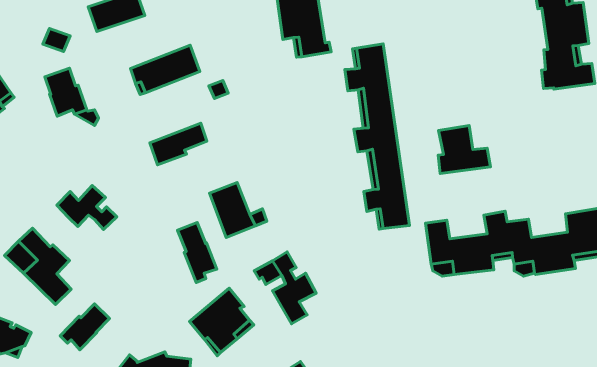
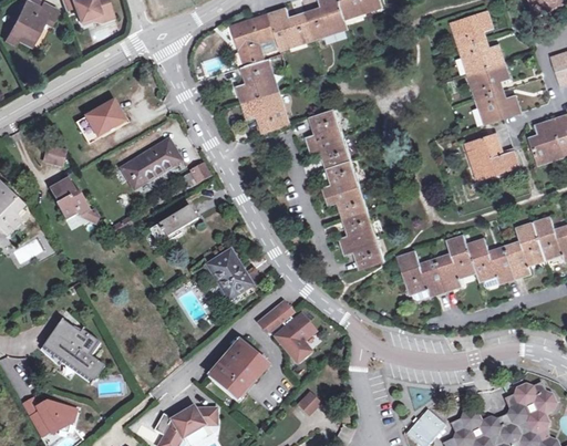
building: [438,126,491,173] -> [470,133,519,178]
building: [57,185,117,230] -> none
building: [177,222,217,282] -> none
building: [60,304,109,350] -> none

